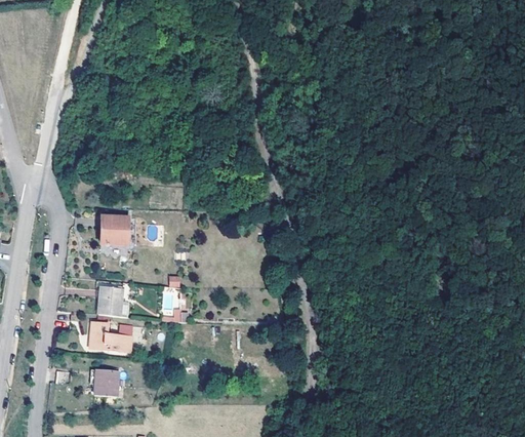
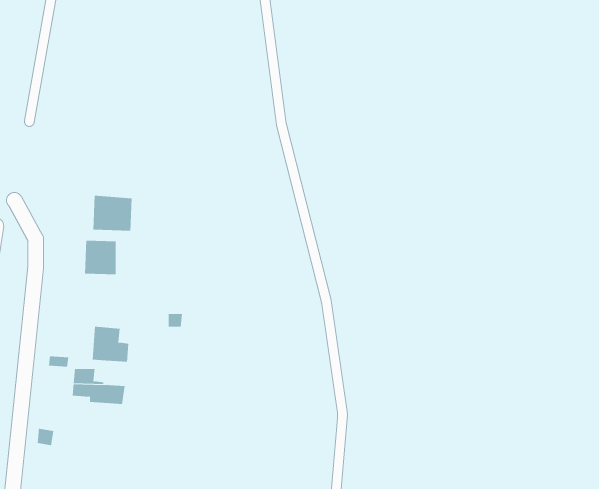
building: none -> [93,195,132,232]
building: [91,370,118,397] -> none

